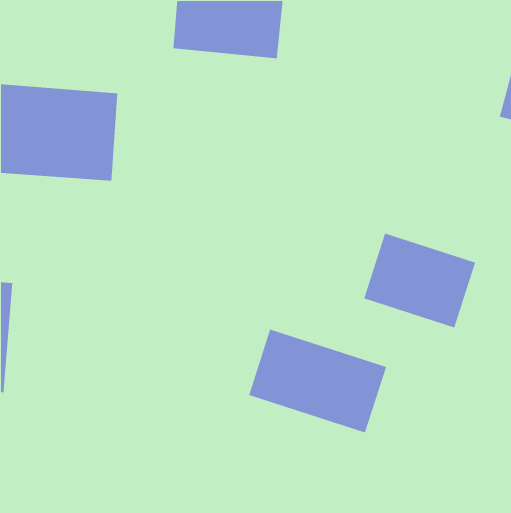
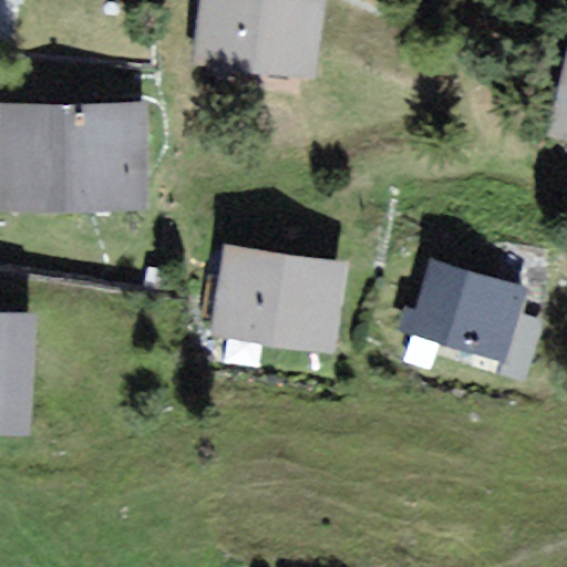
building: none -> [207,250,364,349]
building: [248,329,387,433] -> none

